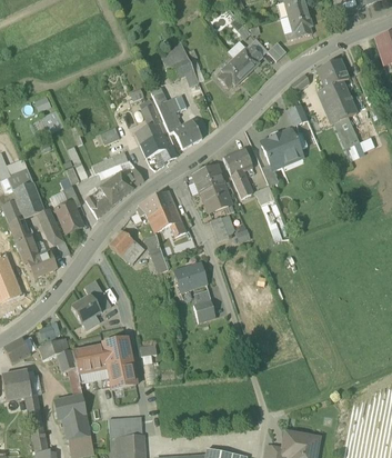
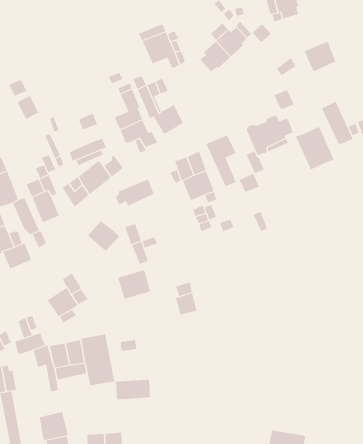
building: [319,80,356,122] -> [295,126,335,170]
building: [148,205,185,236] -> none
building: [173,262,205,291] -> [117,269,151,300]
building: [53,394,86,419] -> none
building: [108,416,142,436] -> [115,379,151,400]

